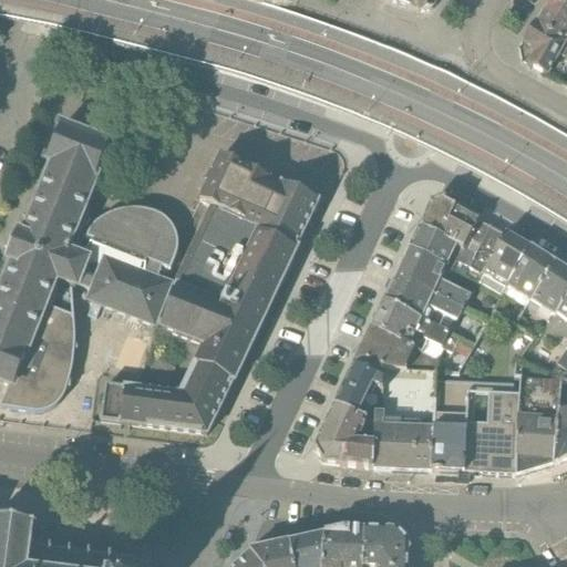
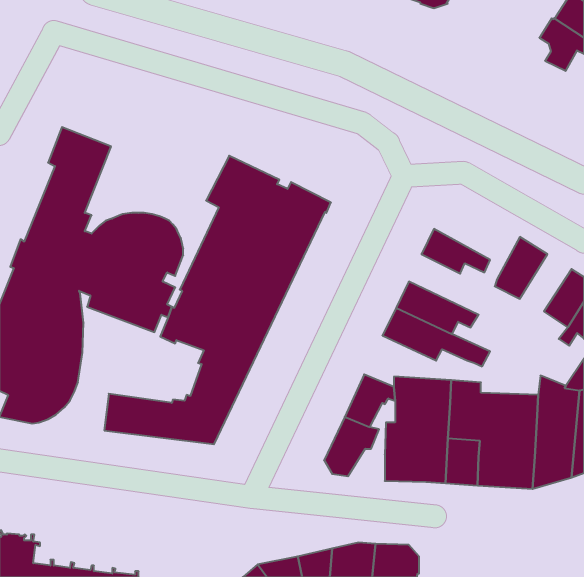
building: [420,197,503,270] -> none
building: [395,246,471,305] -> none
building: [503,246,553,303] -> none
building: [352,324,437,374] -> none
building: [337,434,372,465] -> none

